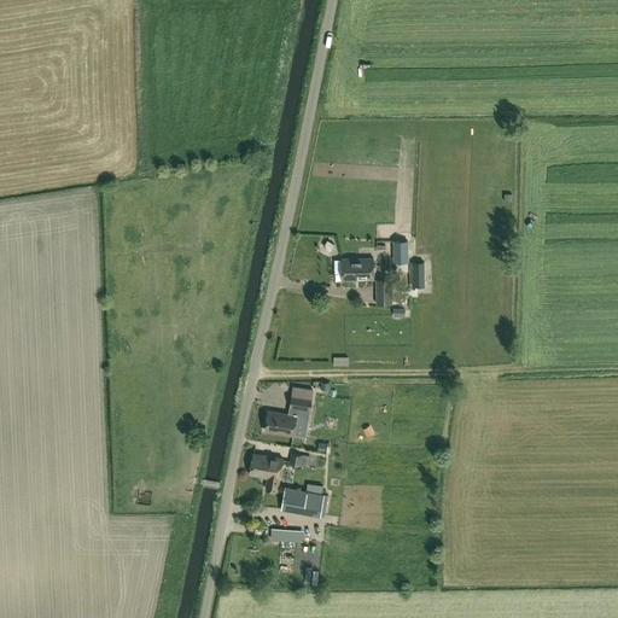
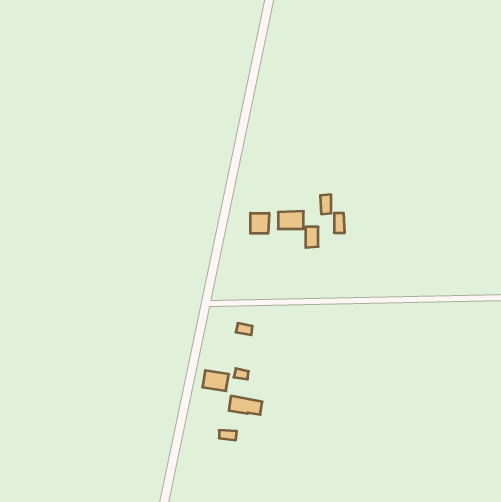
building: none -> [250,213,269,233]
building: [264,413,296,437] -> none

